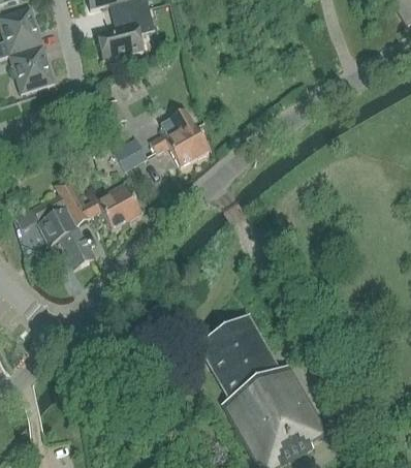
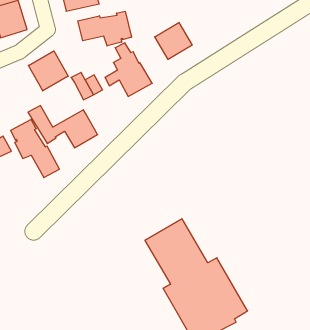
building: none -> [78,11,132,46]
building: none -> [155,22,192,59]
building: none -> [28,51,68,91]

